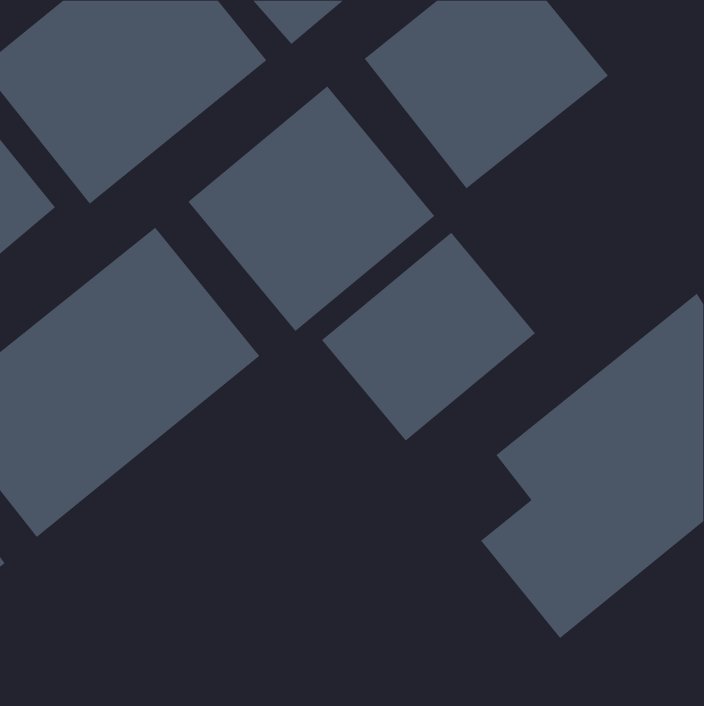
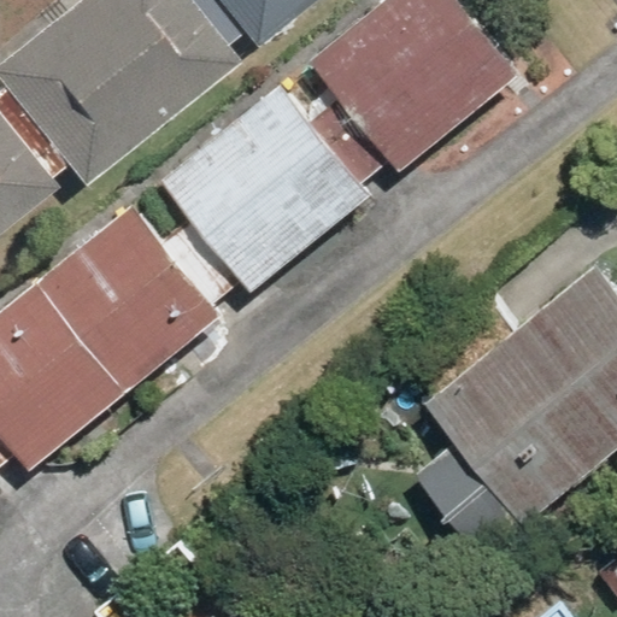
building: [321,232,536,442] -> none

